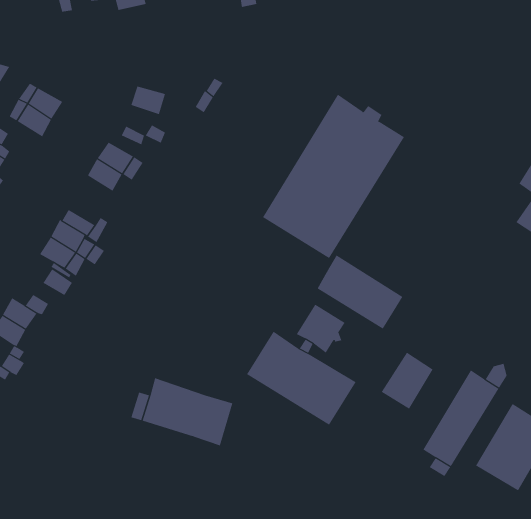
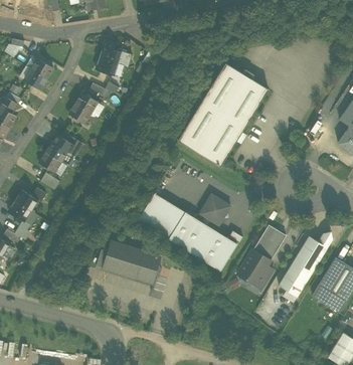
building: none -> [100,40,132,67]
building: [317,254,403,329] -> none
building: none -> [138,193,185,238]
building: none -> [237,249,274,289]

